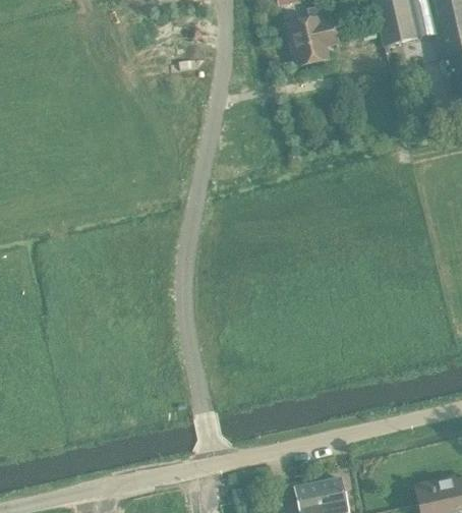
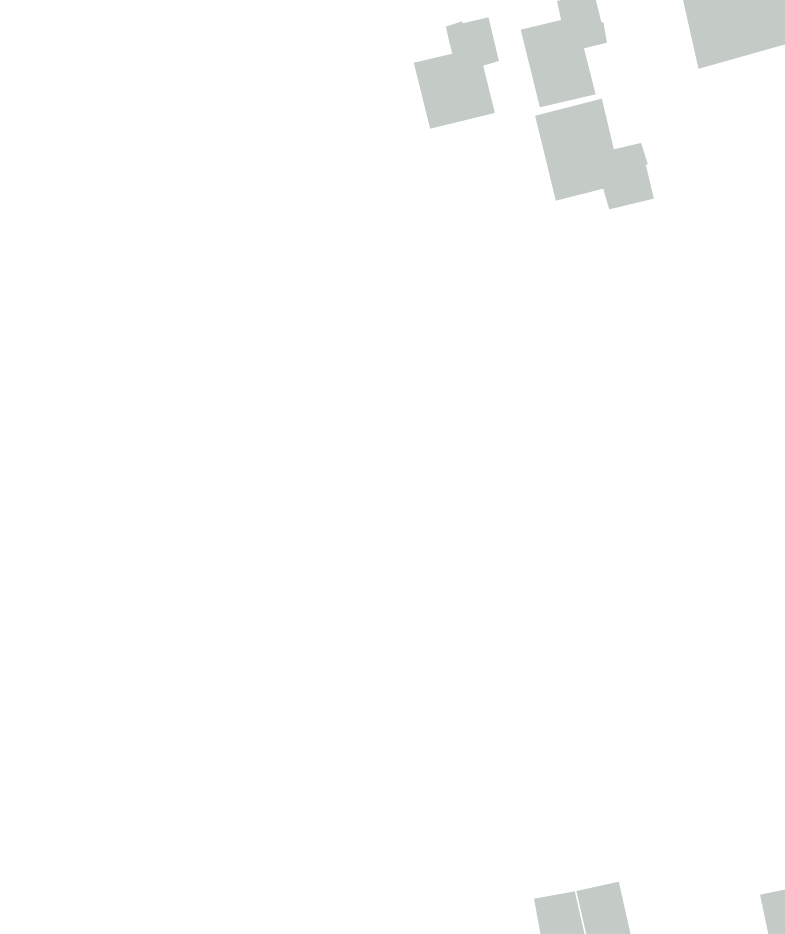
building: none -> [413,17,500,129]
building: none -> [534,98,654,210]

